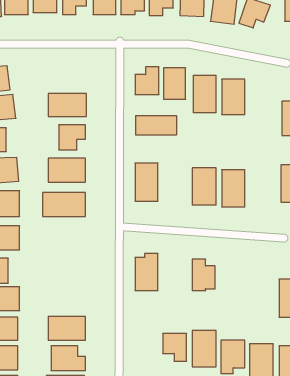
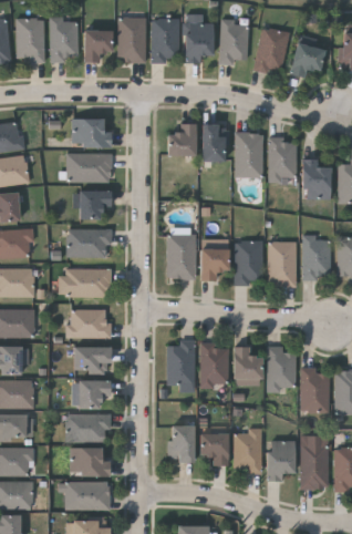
building: none -> [72,119,112,146]
building: none -> [303,165,330,198]
building: [136,116,176,135] -> none
building: none -> [303,237,331,279]
building: none -> [201,249,228,281]
building: none -> [69,310,112,337]
building: none -> [201,343,228,387]
building: none -> [74,347,110,371]
building: none -> [268,347,296,391]
building: none -> [301,369,329,413]
building: none -> [79,380,110,409]
building: none -> [170,425,194,462]

